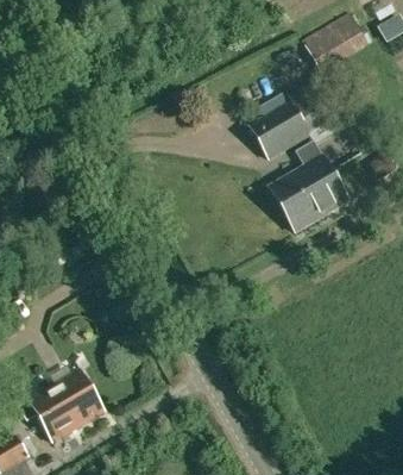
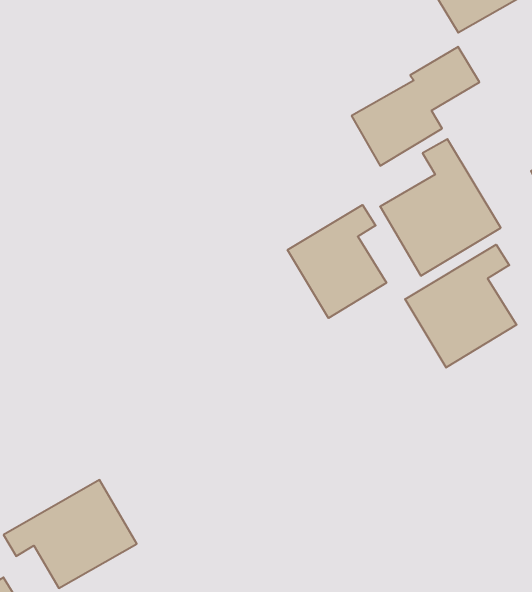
building: none -> [288,205,386,318]
building: none -> [405,245,517,368]

